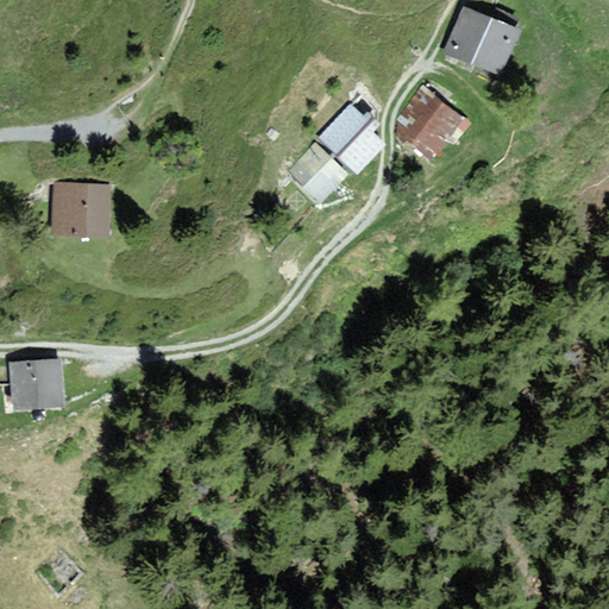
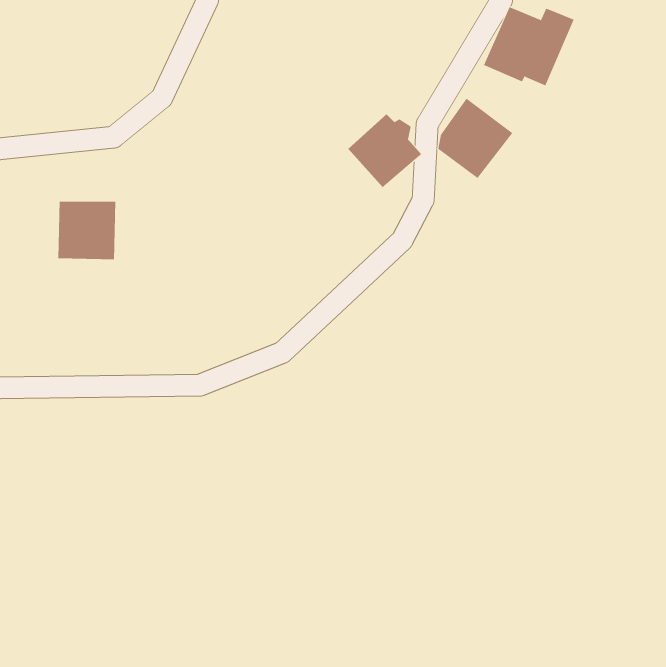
building: [294,143,349,202] -> none
building: [11,358,63,410] -> none

